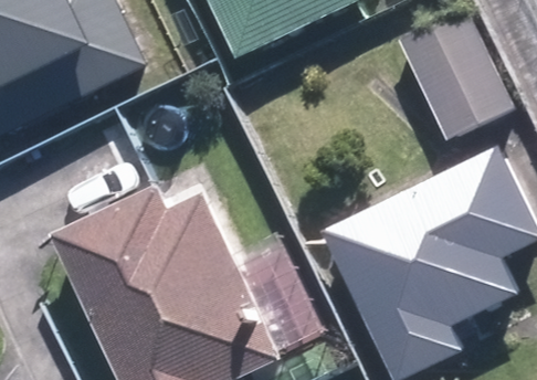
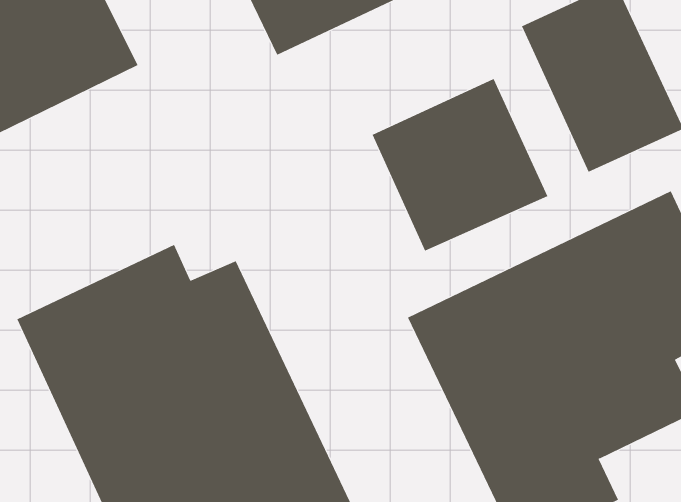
building: none -> [372,78,548,251]

